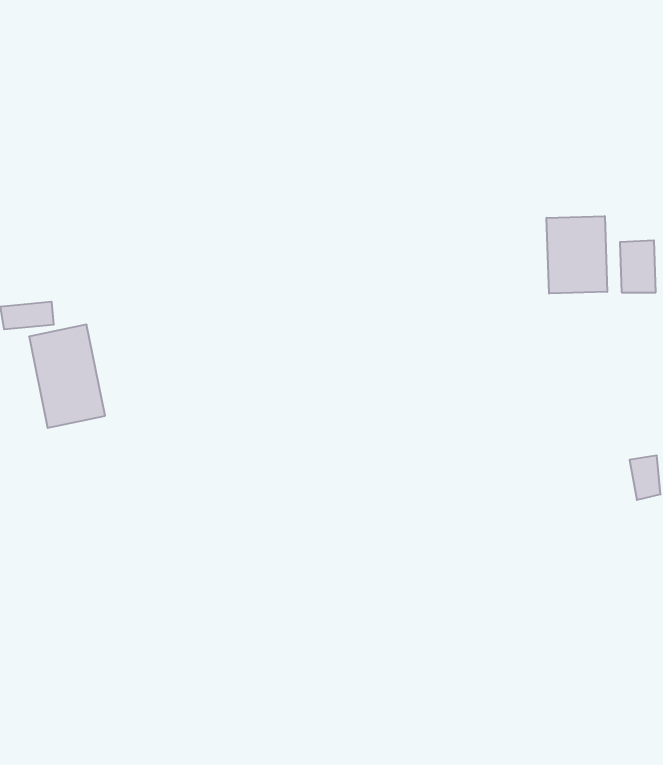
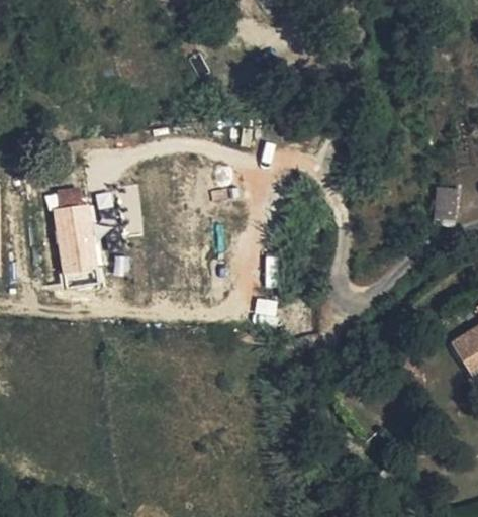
building: [547,216,607,294] -> none

